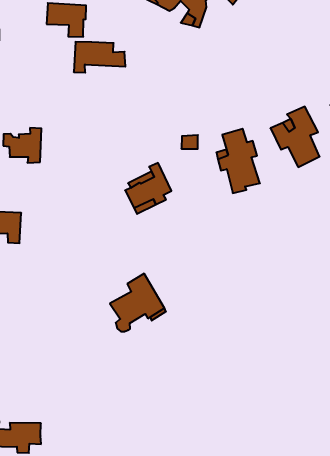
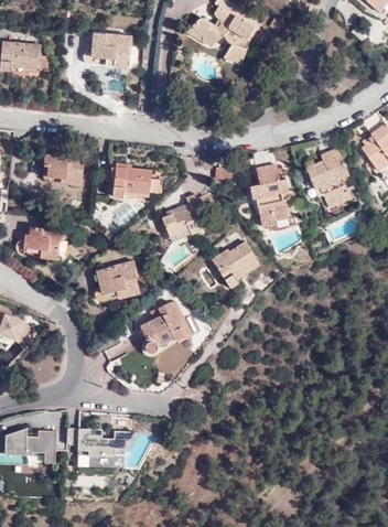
building: [74,42,125,73] -> [111,166,161,196]
building: none -> [209,243,256,288]
building: none -> [95,259,138,294]
building: none -> [65,431,130,461]

